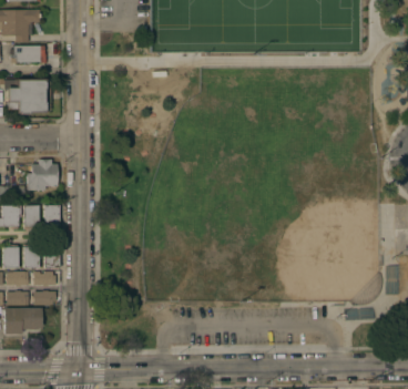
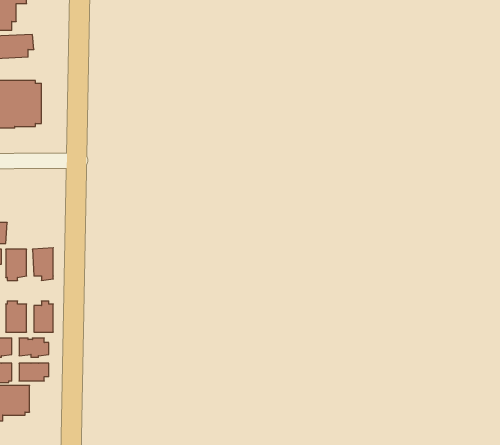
building: [28,160,59,191] -> none

